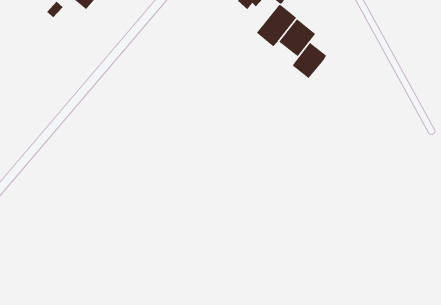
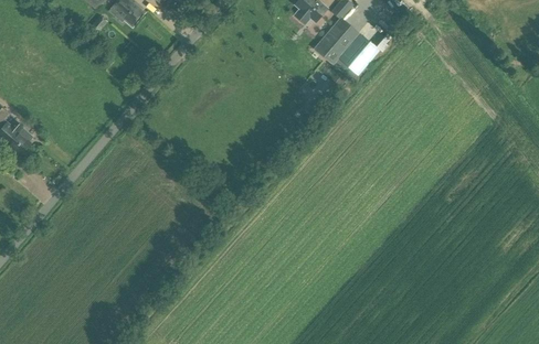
building: [292,42,327,80] -> none

